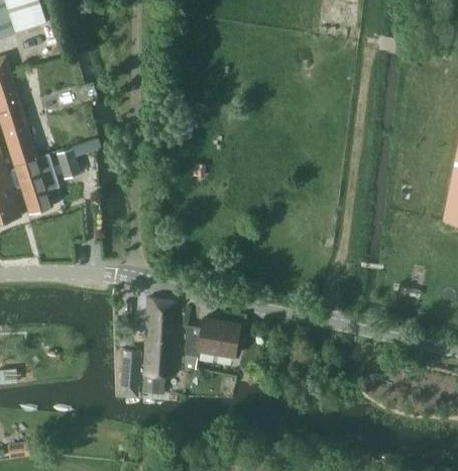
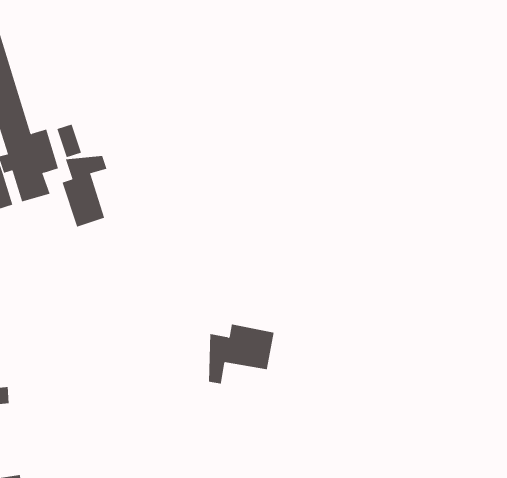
building: none -> [62,155,107,227]
building: [122,297,179,393] -> none

